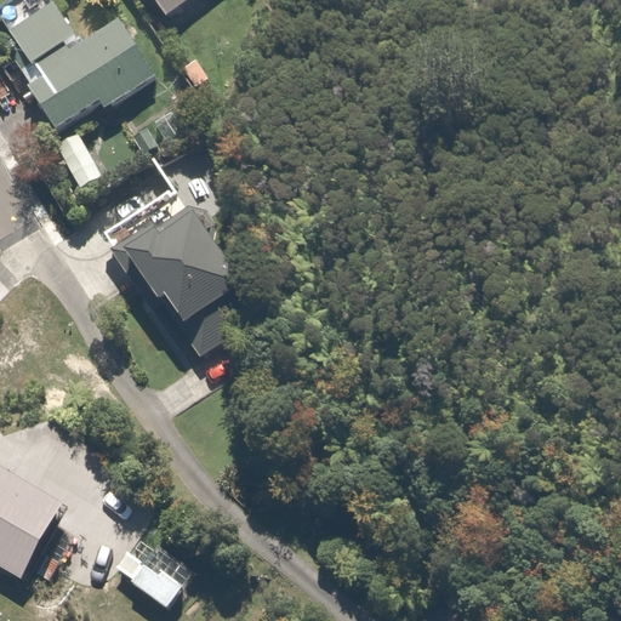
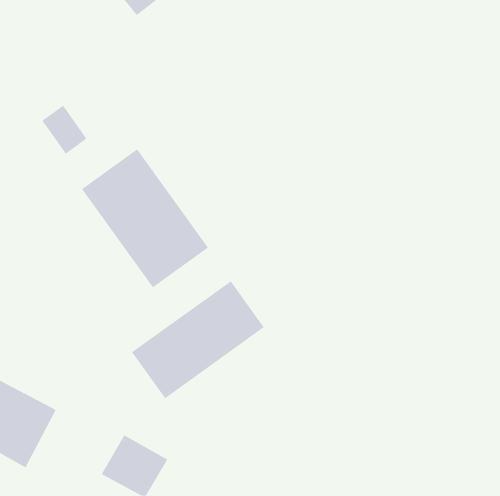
building: [11,8,150,132] -> none
building: none -> [131,280,265,399]

